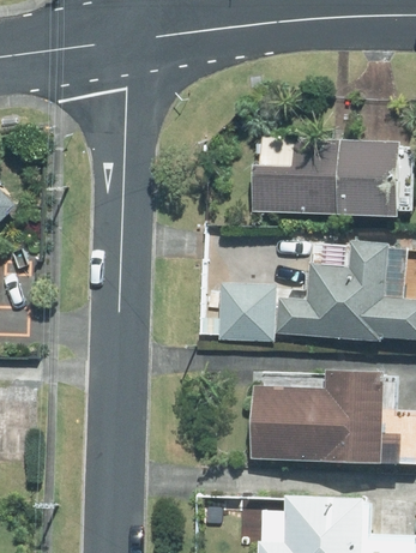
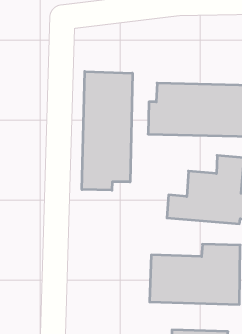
building: none -> [82,71,132,190]
building: [218,285,276,339] -> none

